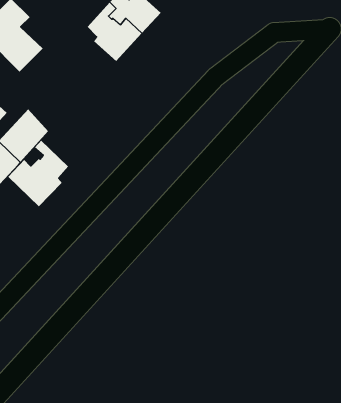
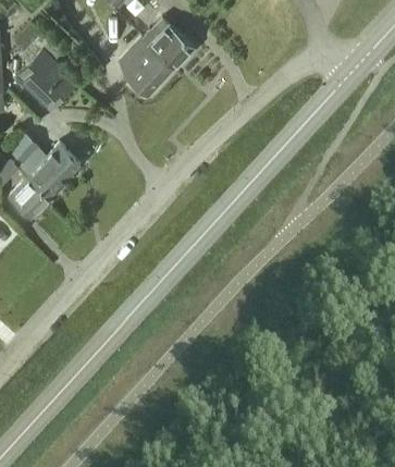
building: [7,140,69,207] -> none

